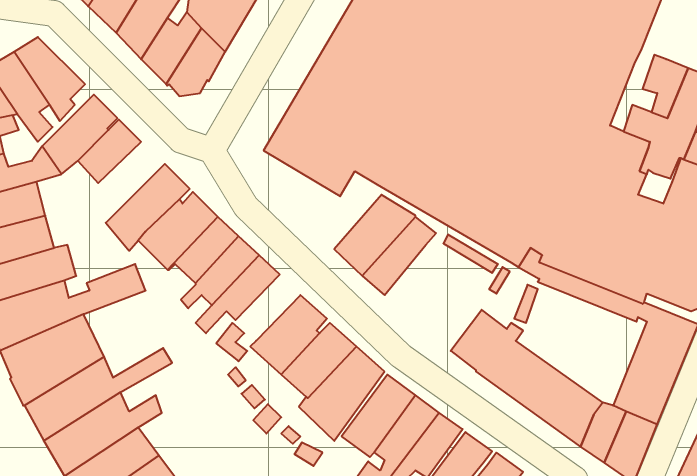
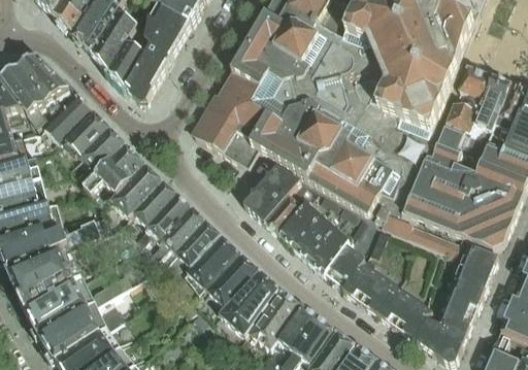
building: none -> [77,127,125,183]
building: none -> [278,199,350,274]
building: none -> [174,220,220,266]

